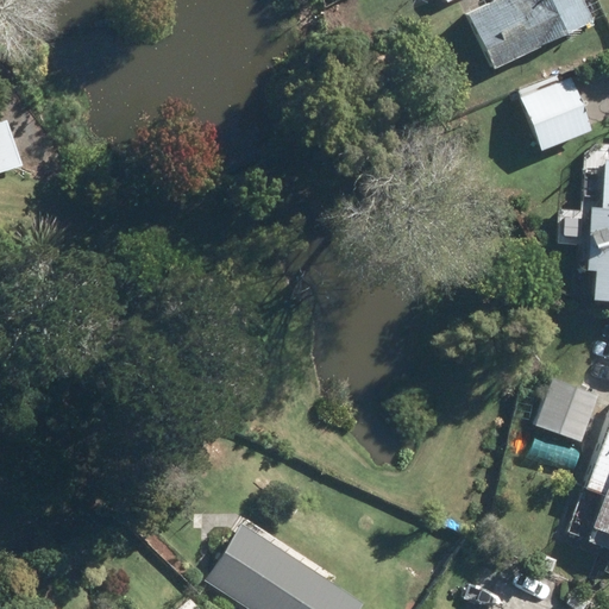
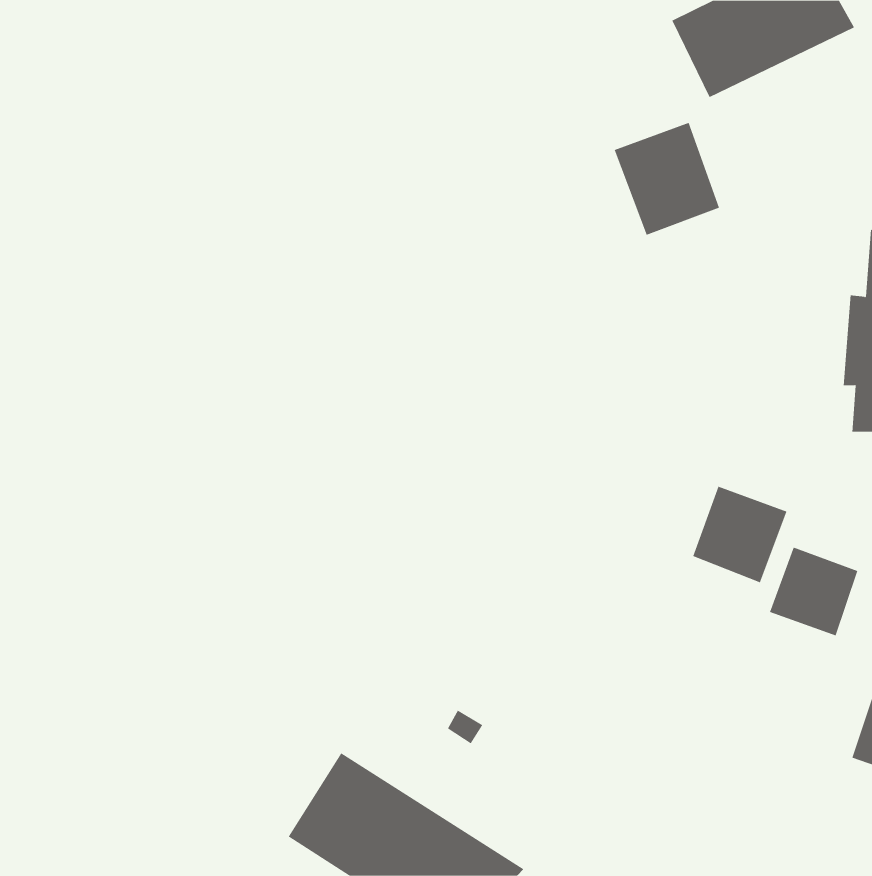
building: [519,70,592,149] -> [614,122,720,235]
building: none -> [692,486,787,583]

